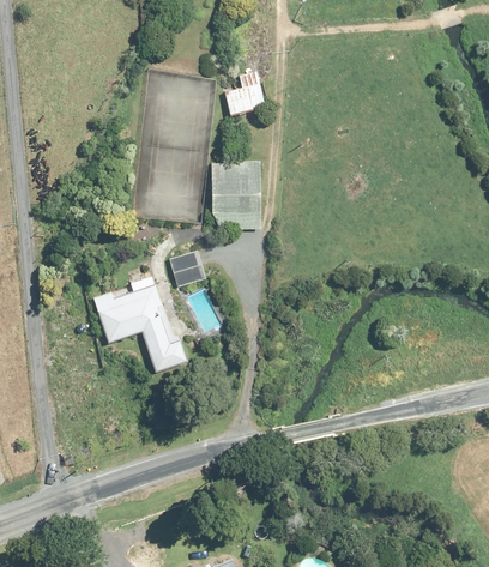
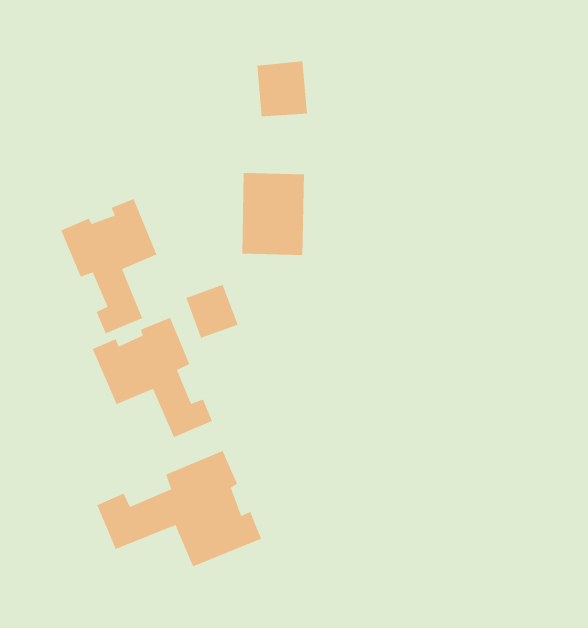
building: none -> [61,198,157,334]
building: none -> [97,450,262,567]

